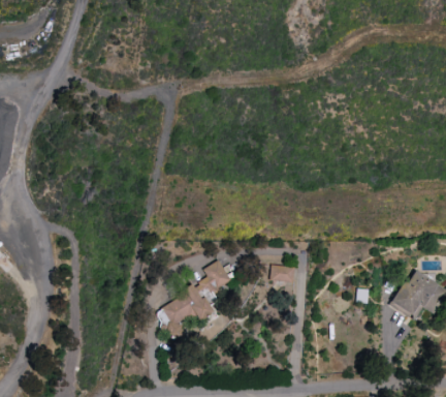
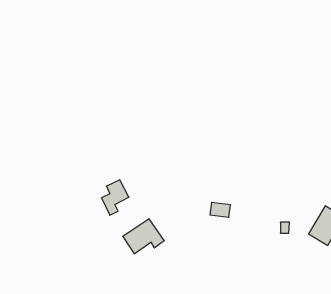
building: [197,261,231,305] -> [101,180,129,215]

